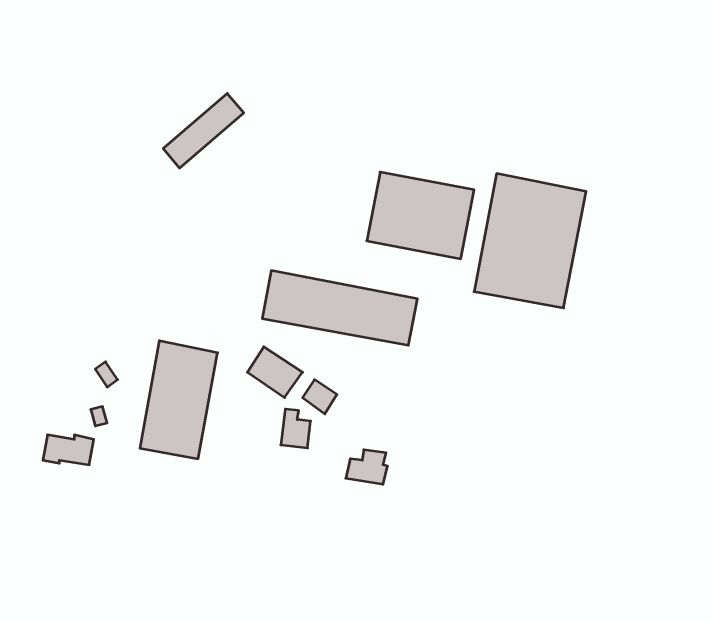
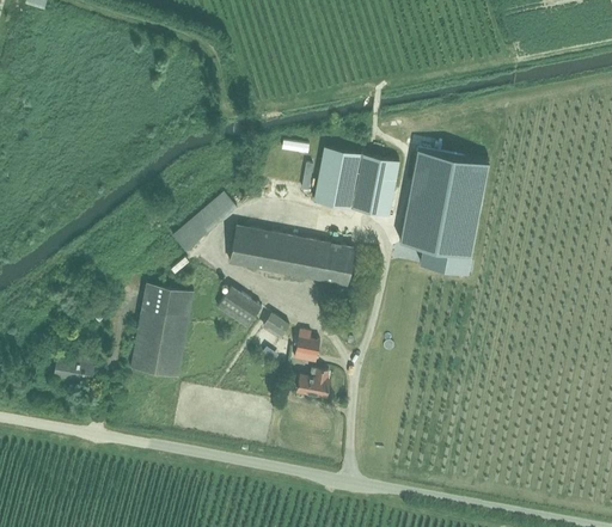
building: [163,93,244,168] -> [172,191,237,251]
building: [281,409,311,448] -> [294,331,318,362]

